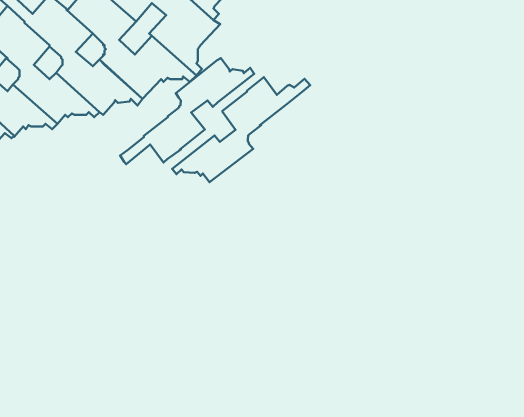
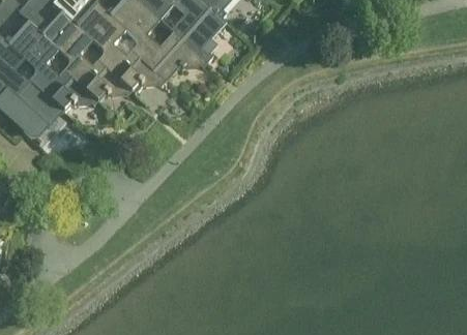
building: [120,58,254,164] -> none
building: [172,77,310,182] -> none

